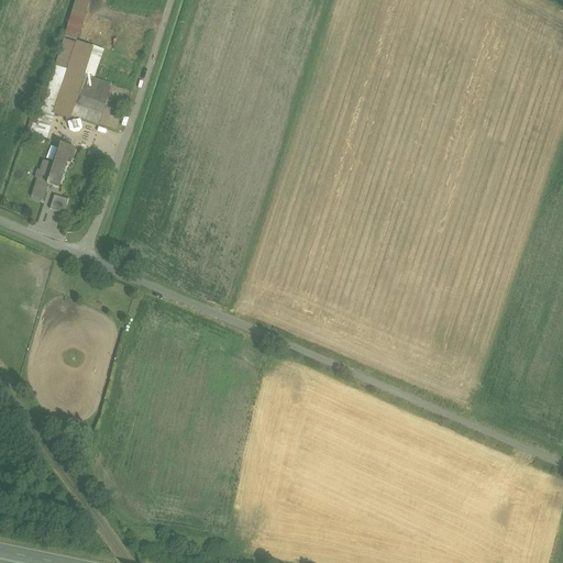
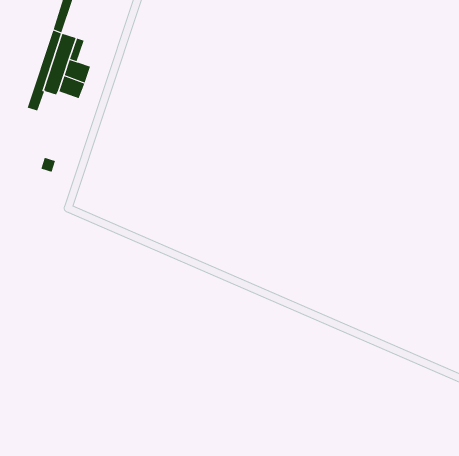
building: [31,141,73,198] -> none

